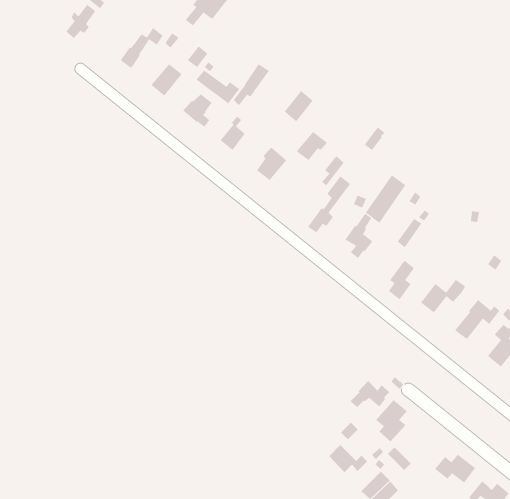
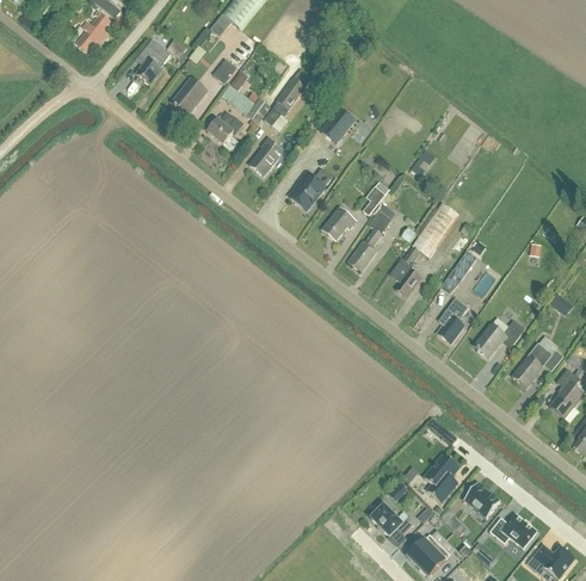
building: [296,131,328,161] -> [321,206,357,240]
building: [350,380,390,408] -> none
building: none -> [464,482,500,517]

